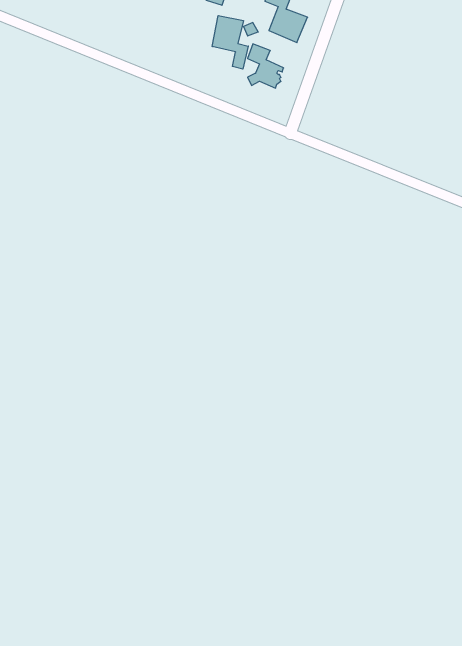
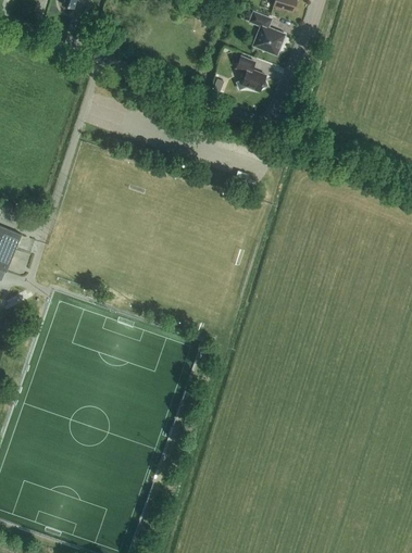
building: [212,16,248,69] -> none

